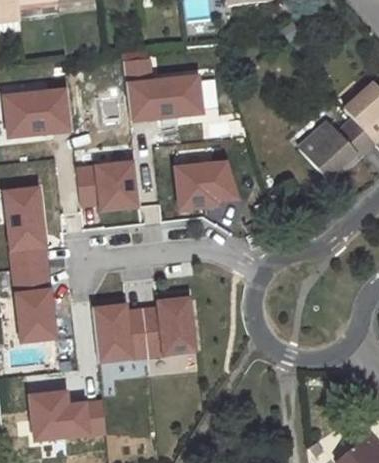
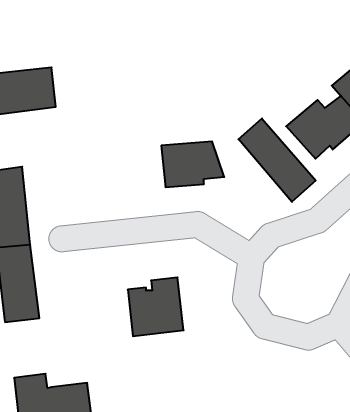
building: [123,59,202,120] -> none
building: none -> [238,118,316,202]
building: [76,161,140,209] -> none
building: [92,305,147,360] -> none

